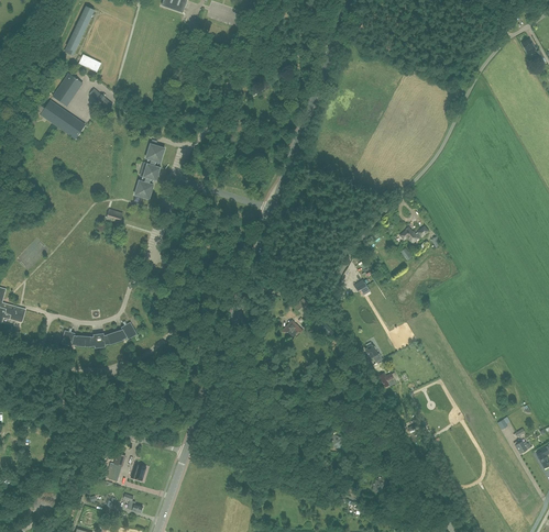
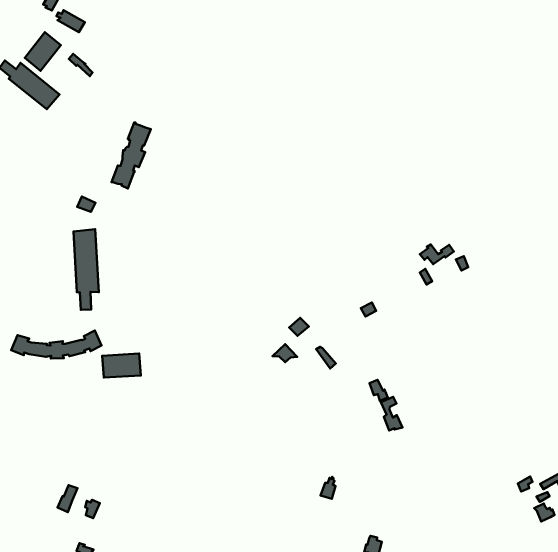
building: none -> [74,229,99,310]
building: none -> [102,354,141,377]

